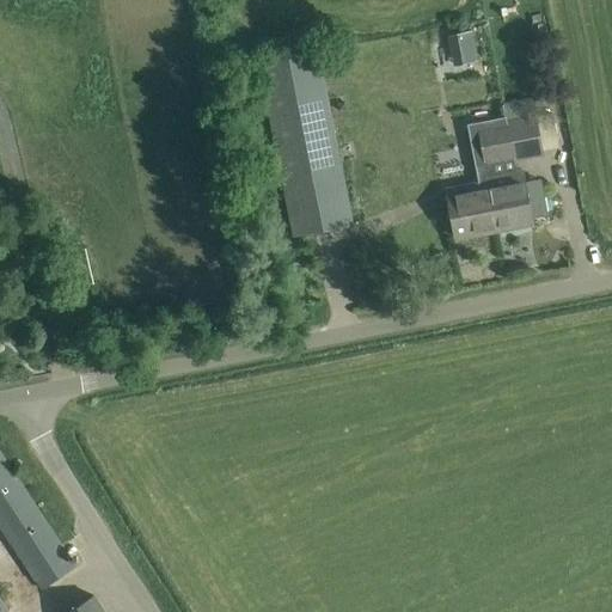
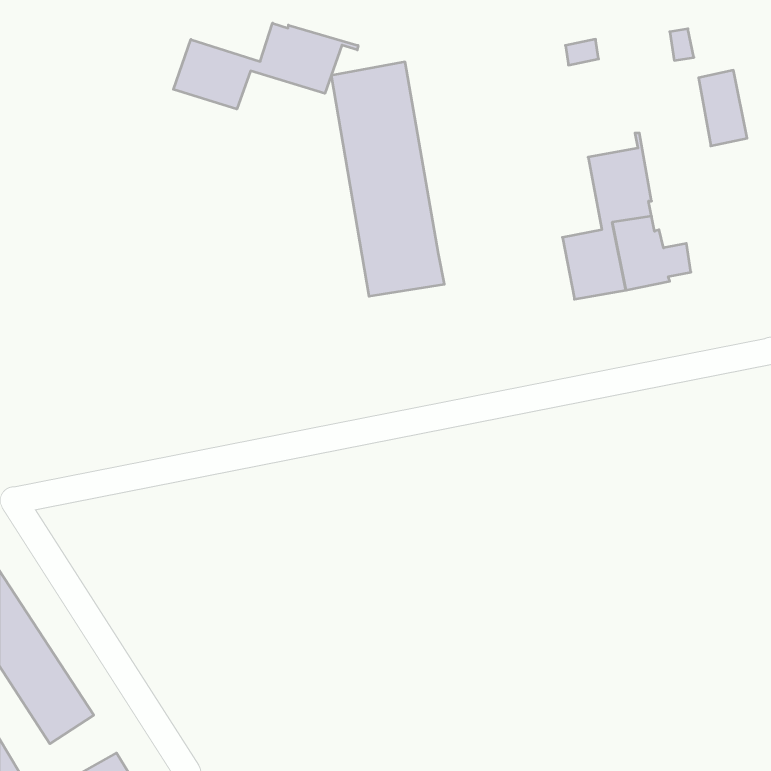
building: none -> [173,23,358,109]
building: [506,100,544,160] -> [699,70,747,146]

